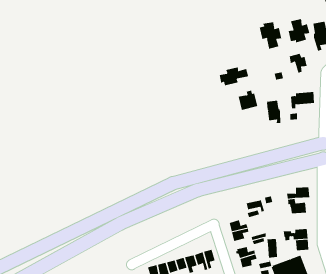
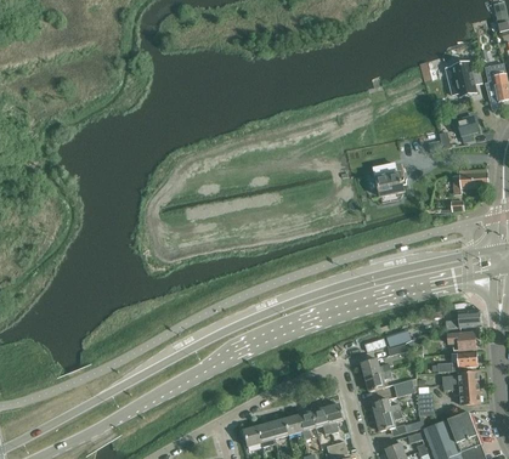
building: [259,21,282,50] -> none
building: [219,67,249,86] -> none
building: [267,100,281,124] -> none
building: none -> [437,351,477,372]

